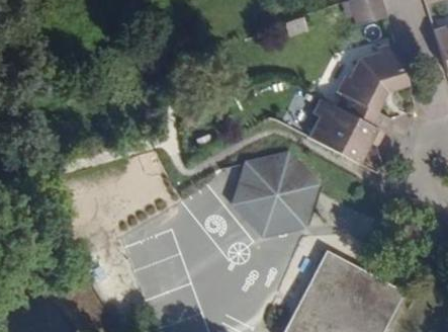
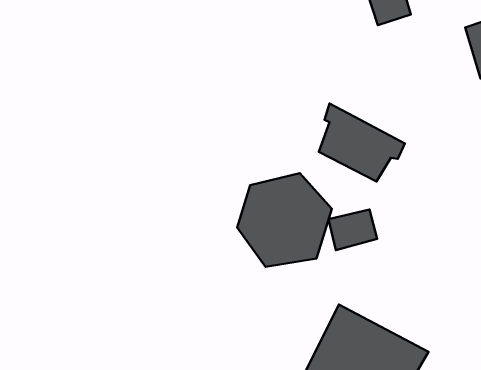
building: [338,39,407,128] -> none
building: none -> [328,210,377,250]

